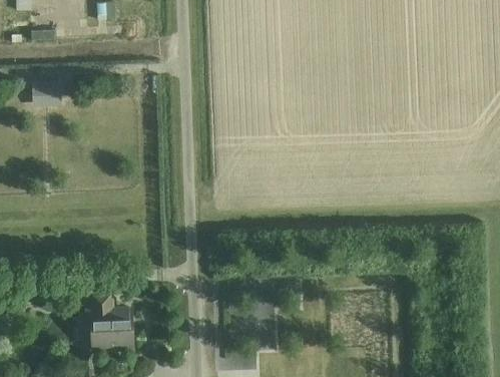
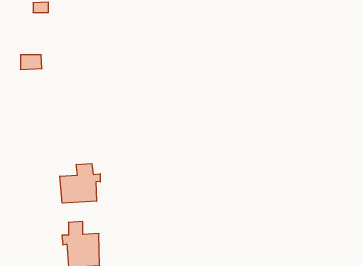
building: none -> [60,164,100,203]

